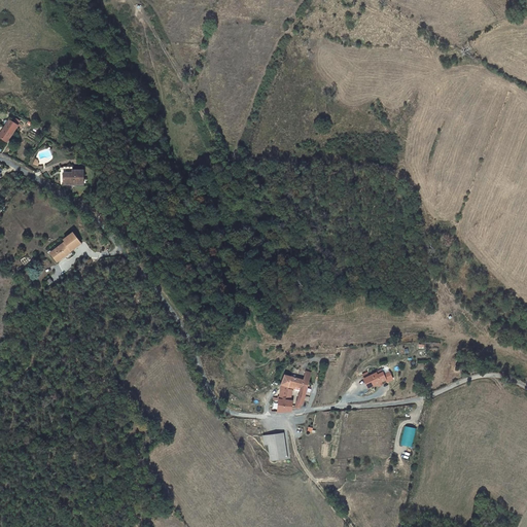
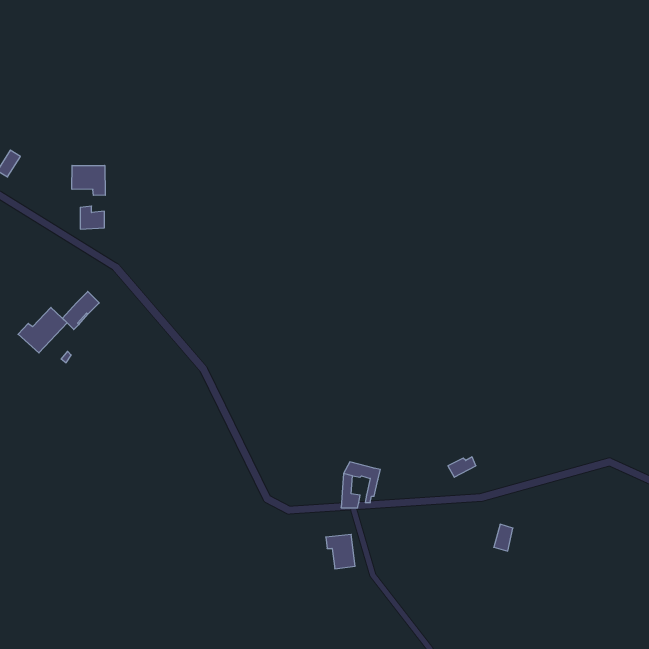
building: none -> [72,165,105,195]
building: none -> [18,307,67,353]

